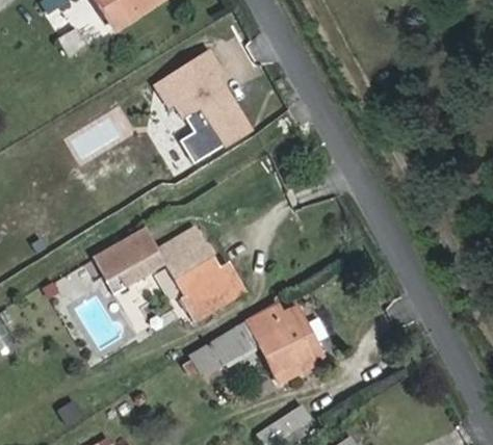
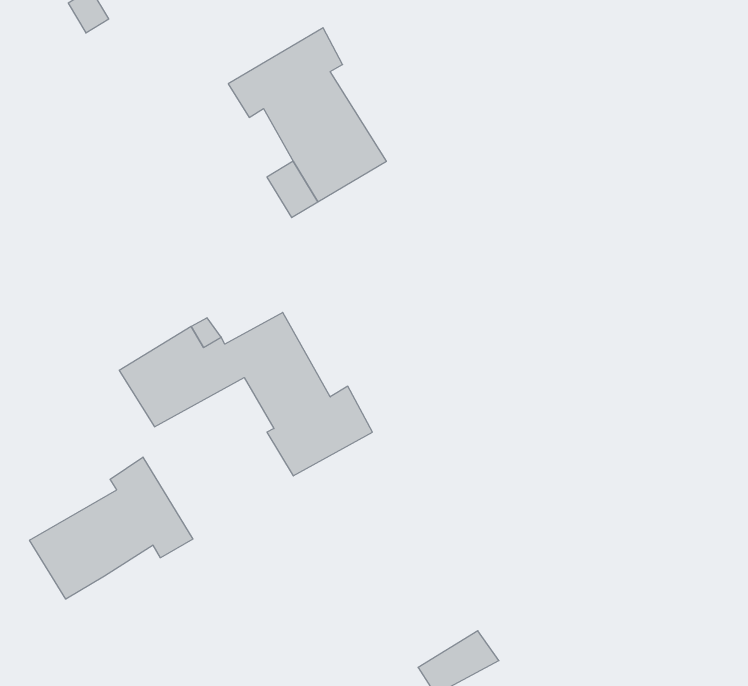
building: [189,306,333,392] -> none
building: none -> [30,457,193,599]

